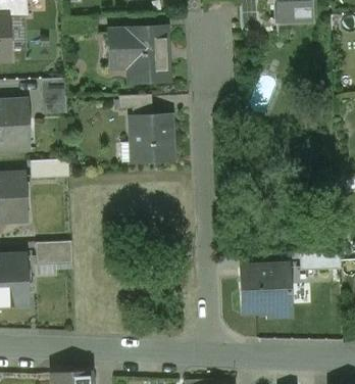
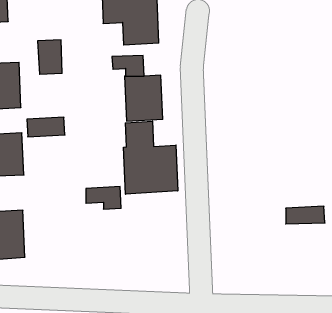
building: none -> [124,121,178,194]
building: [36,241,72,265] -> [86,187,121,209]
building: [240,267,291,320] -> none

